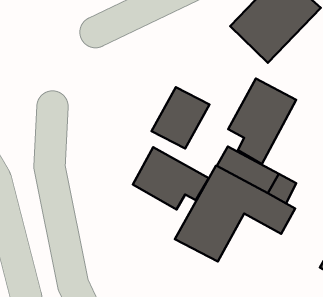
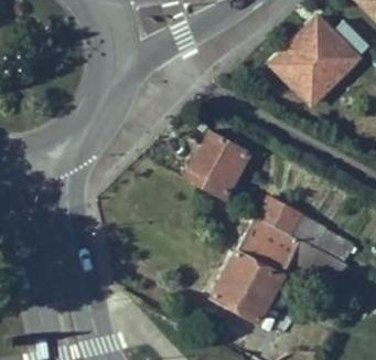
building: [228,78,296,164] -> none
building: [133,147,209,209] -> none

